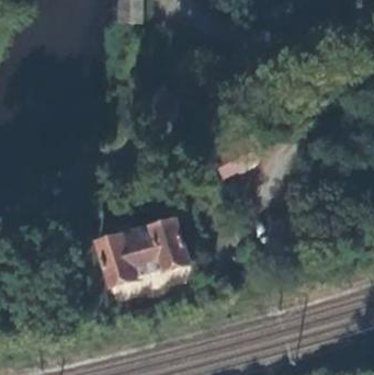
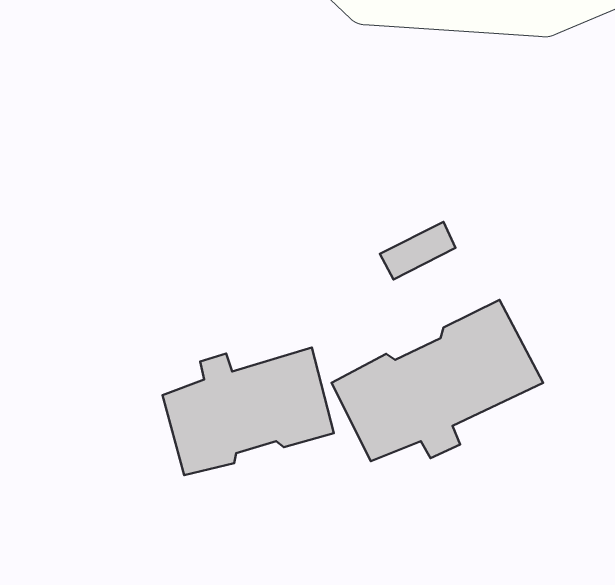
building: none -> [332,300,543,461]

